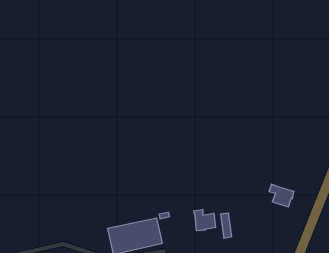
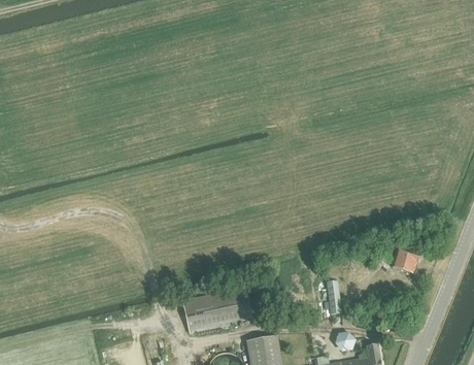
building: [194,209,215,231] -> none

